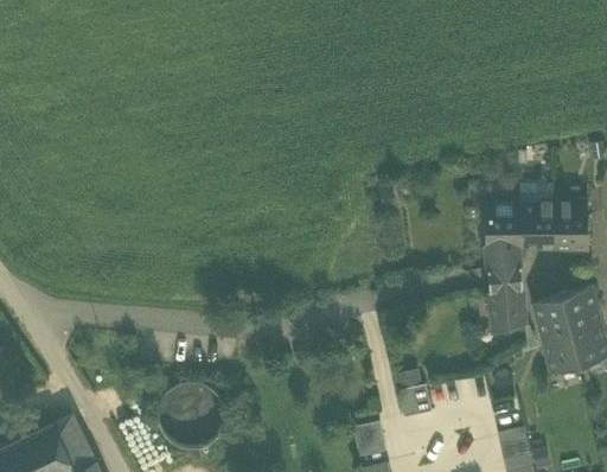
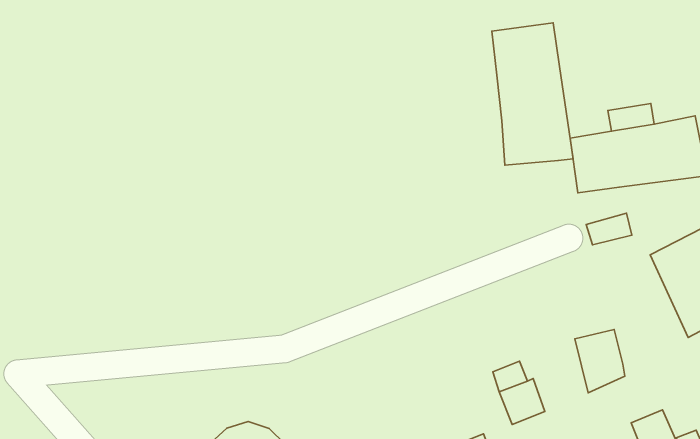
building: none -> [492,23,573,165]
building: [485,247,520,273] -> none
building: [490,287,524,333] -> [575,329,625,393]

